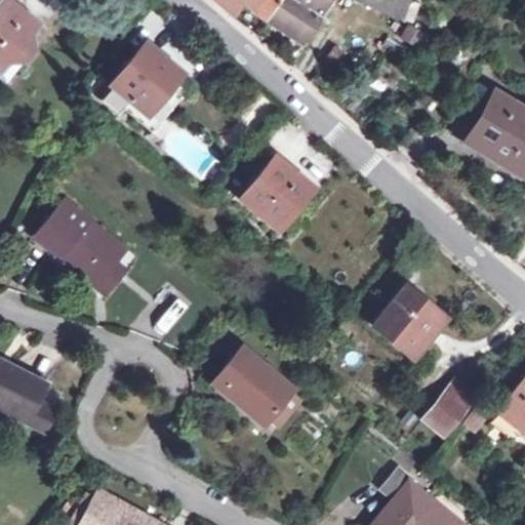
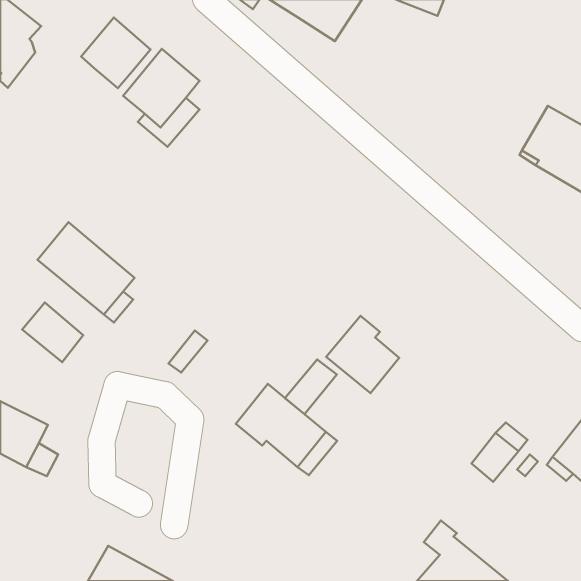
building: none -> [81,18,151,88]
building: [242,156,312,228] -> none
building: none -> [22,303,83,362]
building: [373,287,439,357] -> [326,316,399,393]
building: none -> [285,359,337,414]

